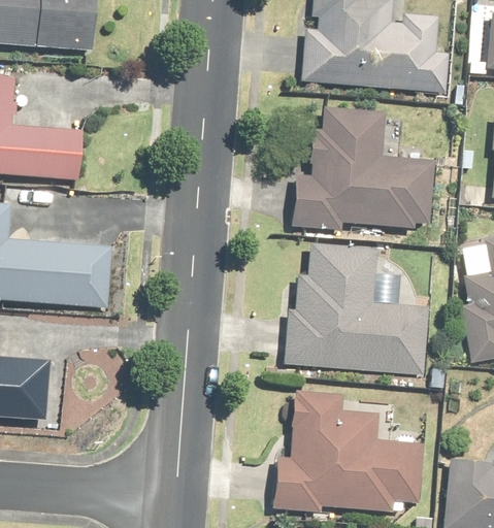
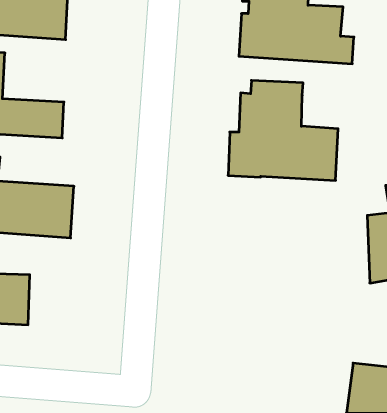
building: [291,241,428,367] -> none
building: [270,396,421,516] -> none

